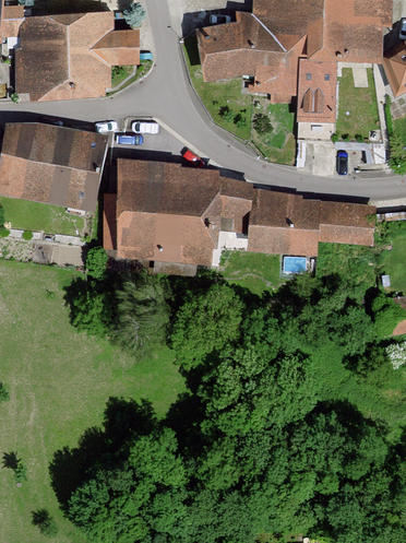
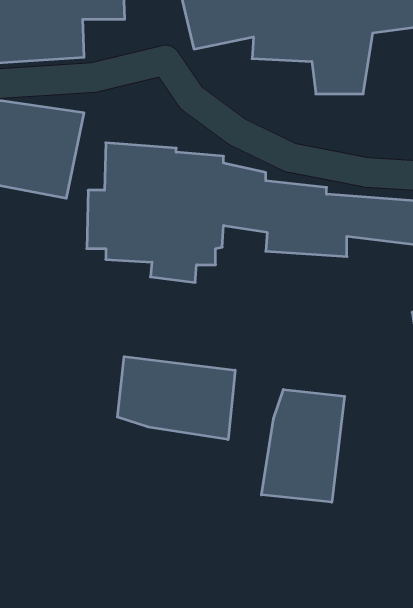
building: none -> [117,357,235,440]
building: none -> [261,389,345,502]

